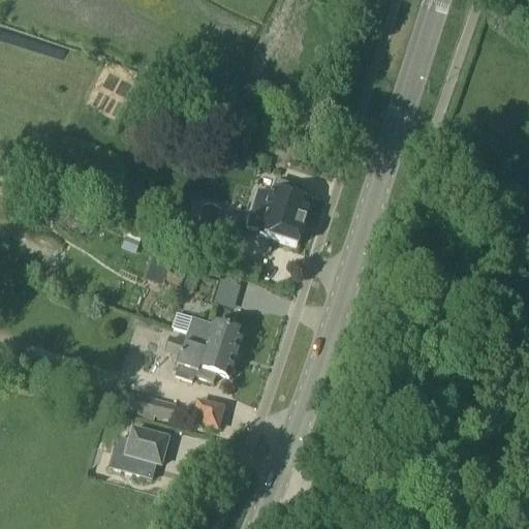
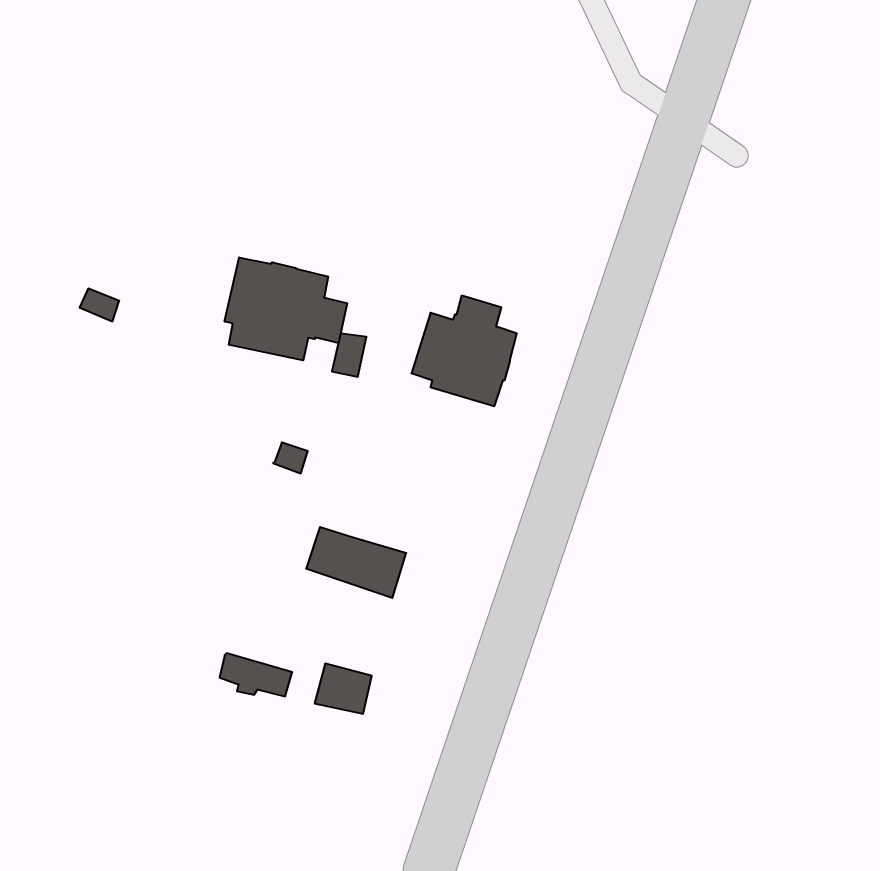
building: none -> [225,257,347,360]
building: [166,335,237,379] -> none
building: [112,426,168,475] -> none

